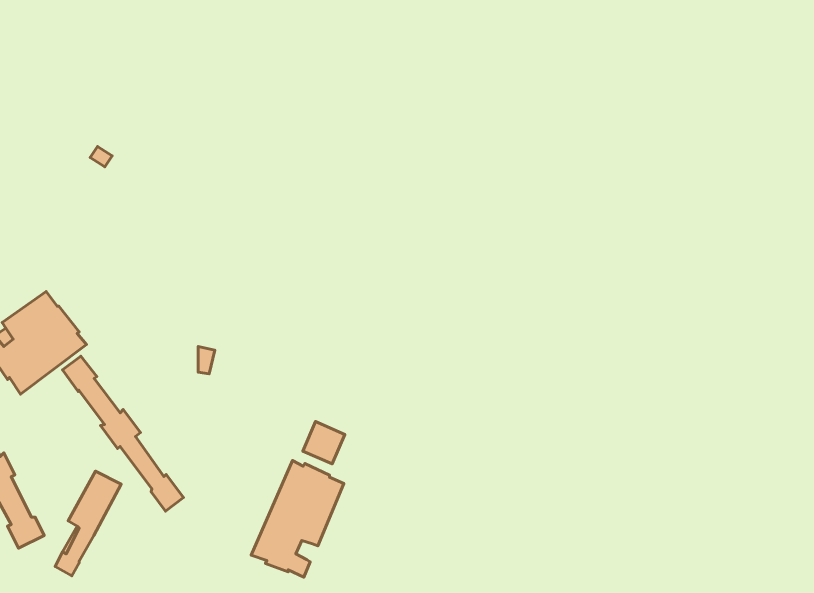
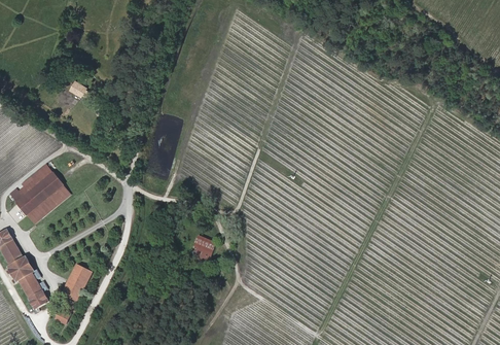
building: [63,356,184,511] -> none
building: [251,461,344,577] -> none

